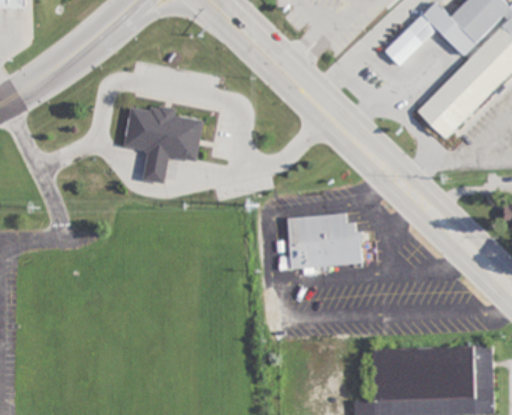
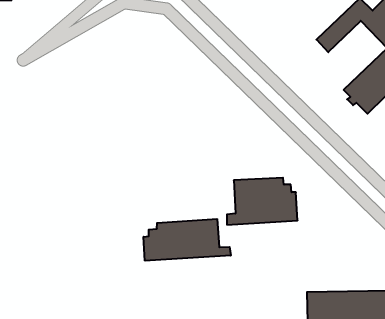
building: [123,104,202,183] -> none
building: none -> [144,219,231,261]

